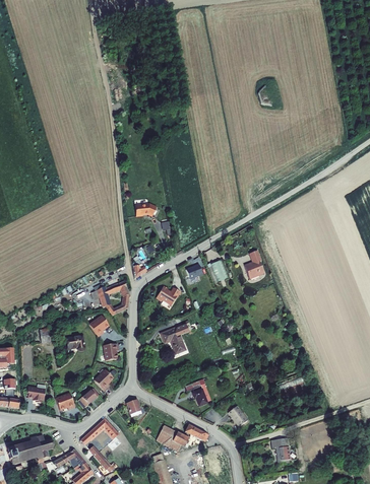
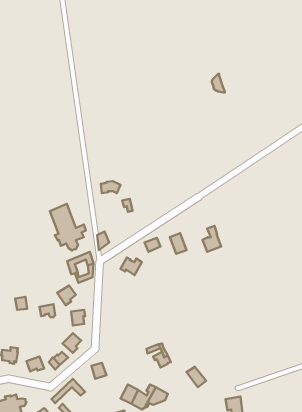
building: none -> [50,204,86,250]
building: [162,322,192,353] -> none

